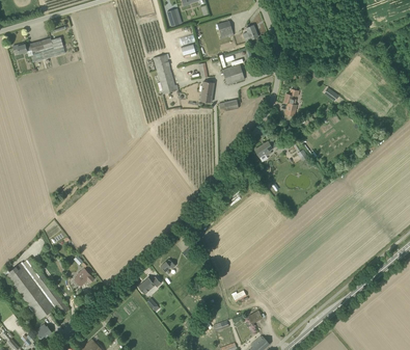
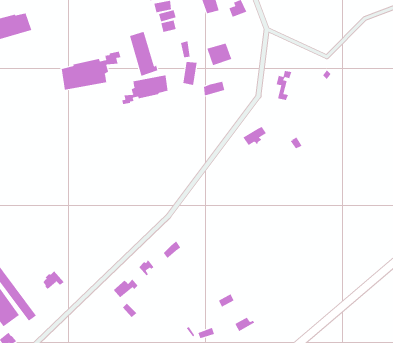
building: none -> [61,51,121,91]
building: none -> [121,75,168,105]

